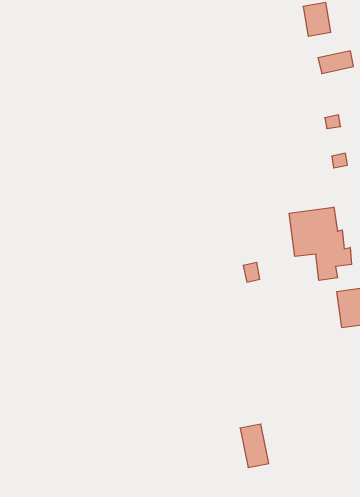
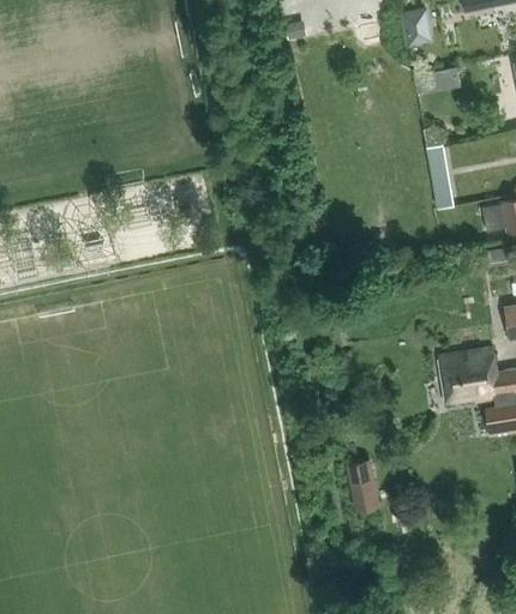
building: [289,207,352,280] -> none
building: [240,424,269,467] -> [344,459,379,512]

